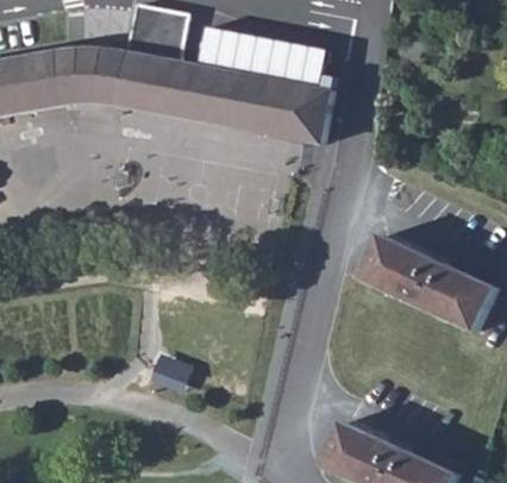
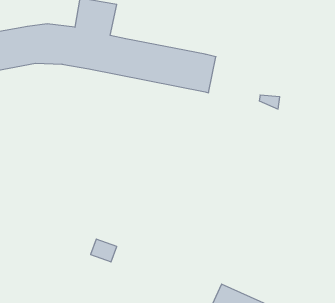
building: [201,26,325,89] -> none
building: [361,236,495,331] -> none

